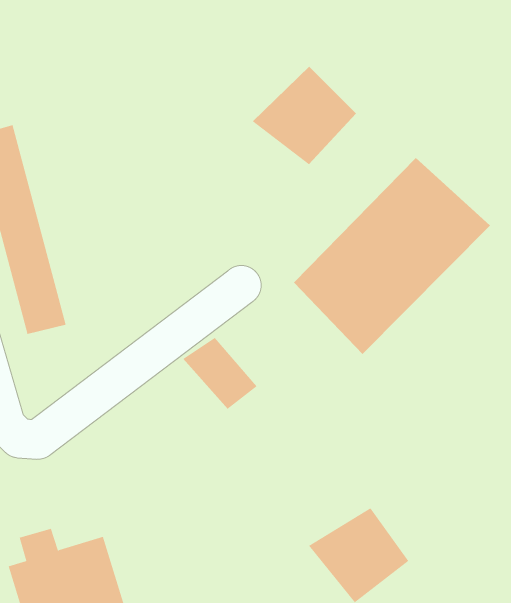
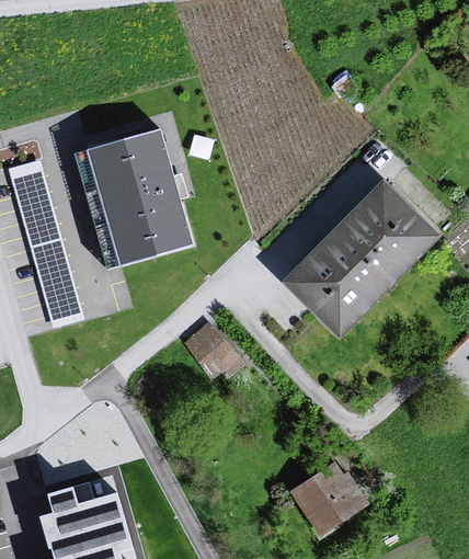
building: [252,66,357,165] -> none
building: none -> [89,129,195,265]

